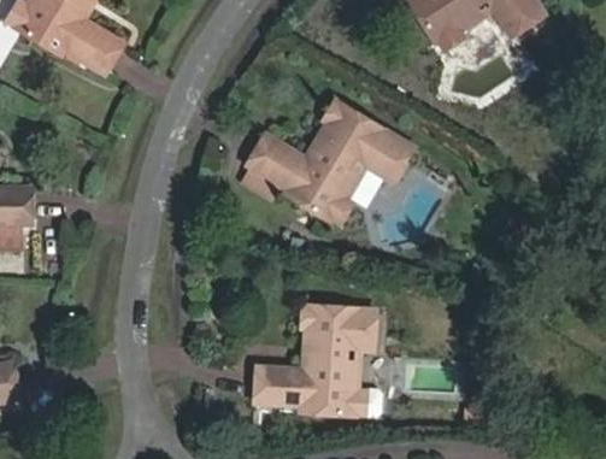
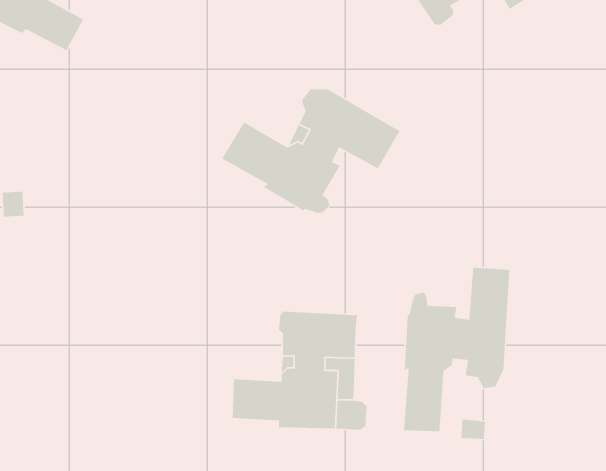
building: none -> [403,267,510,432]

